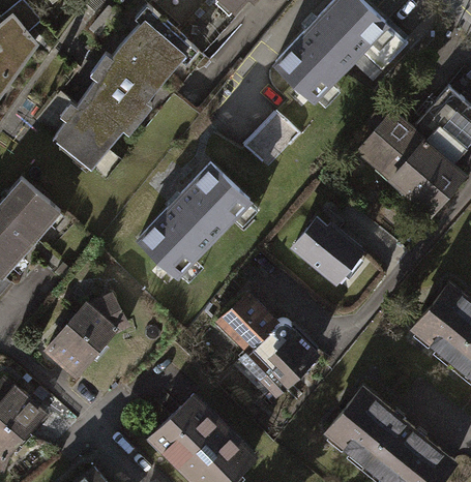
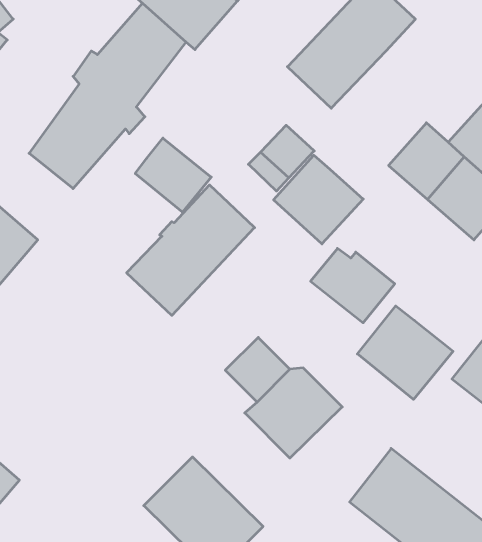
building: [357,25,404,71] -> none
building: none -> [135,138,211,212]
building: none -> [274,155,363,244]
building: none -> [357,306,453,399]
building: [48,304,127,374] -> none

